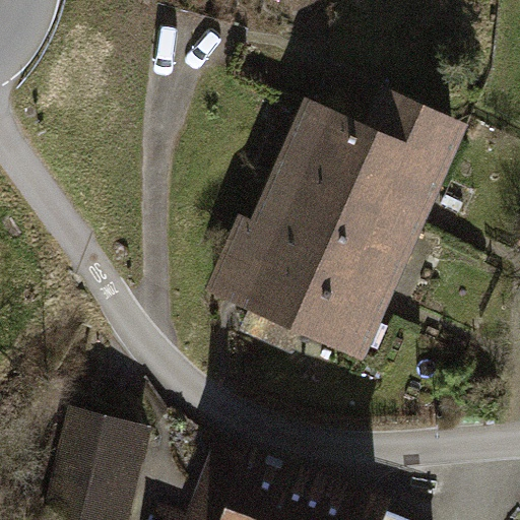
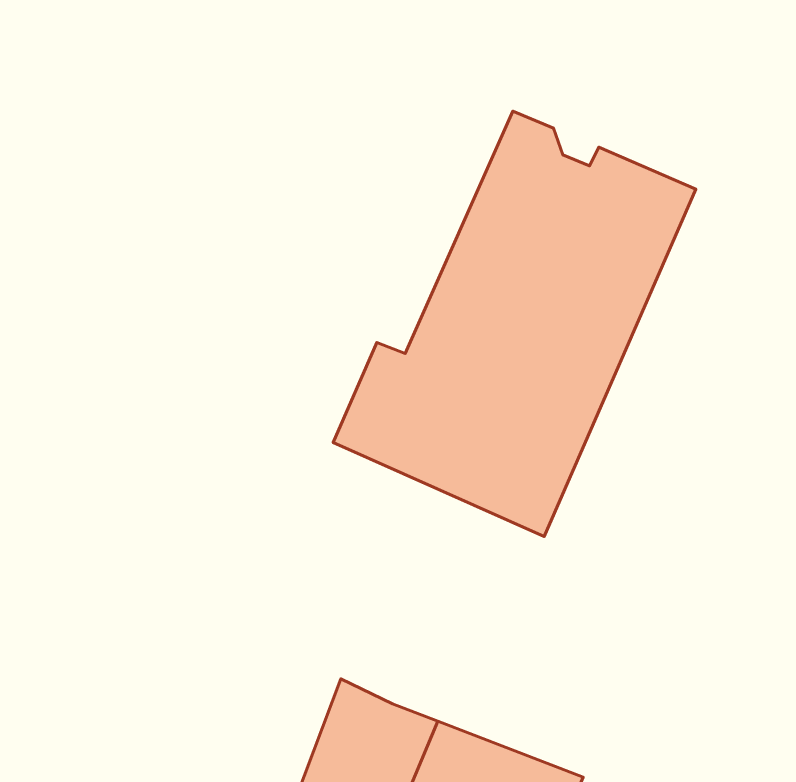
building: [62,424,135,504] -> none

